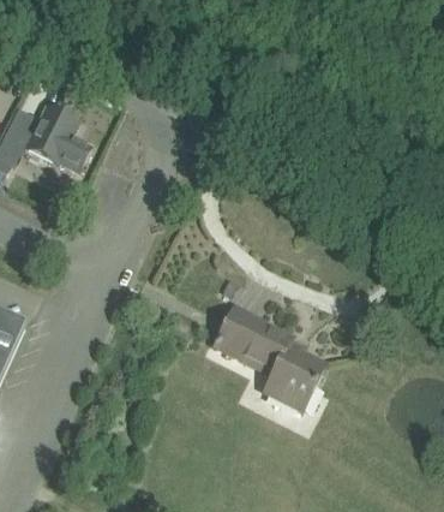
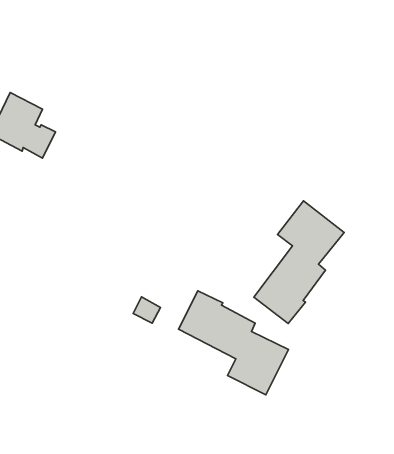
building: none -> [254,201,344,323]

